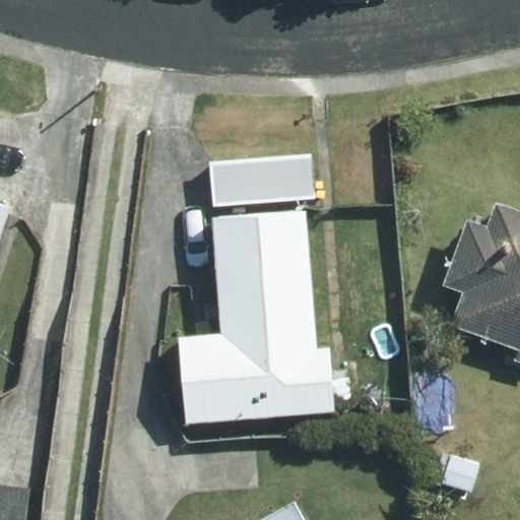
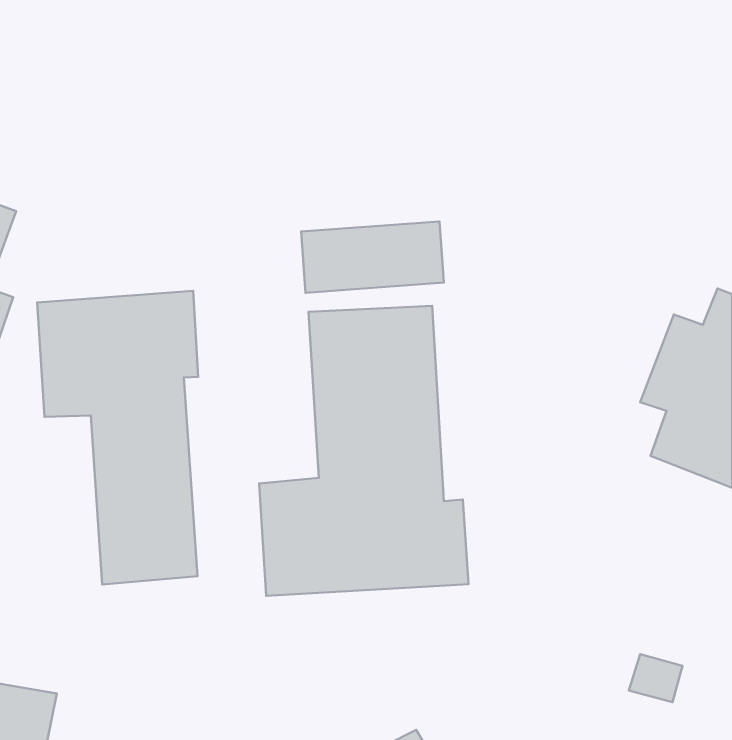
building: none -> [37,291,198,584]

